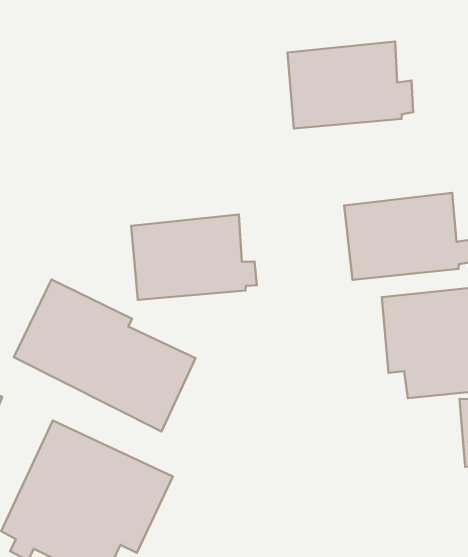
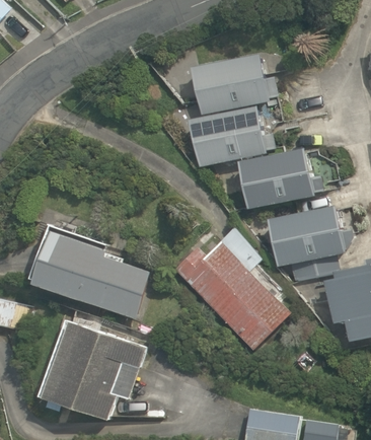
building: [131,215,257,300] -> [190,104,275,166]
building: none -> [174,227,291,351]

